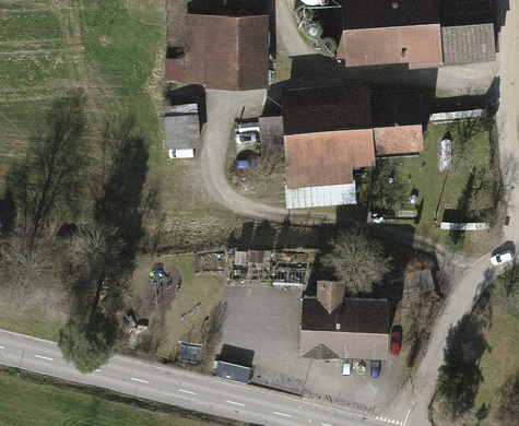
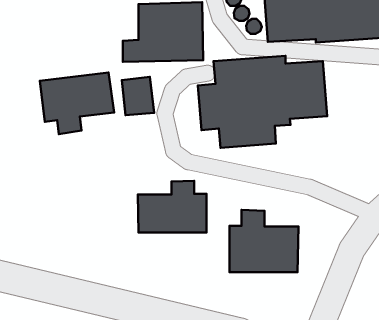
building: none -> [40,72,114,134]
building: none -> [138,181,206,232]

